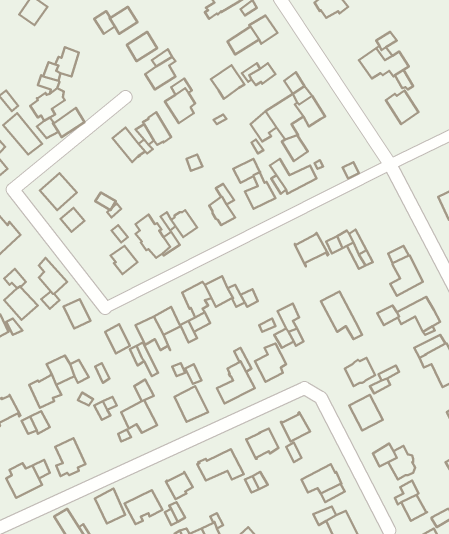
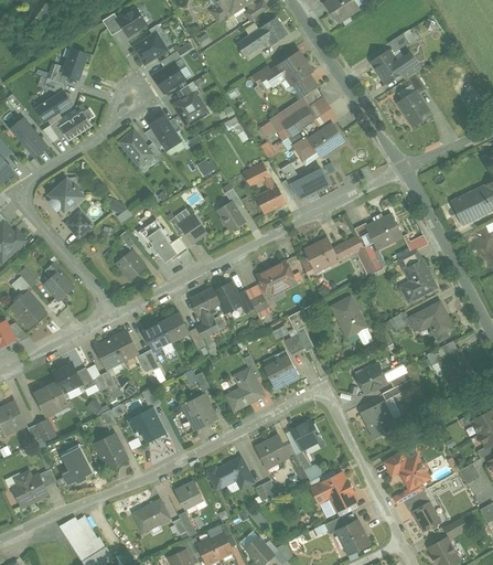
building: [211,65,244,99] -> [277,51,311,85]
building: none -> [301,119,343,157]
building: none -> [365,214,401,248]
building: none -> [256,260,296,292]
building: [63,299,91,328] -> [95,338,122,367]
building: [95,489,125,523] -> [95,434,126,469]

